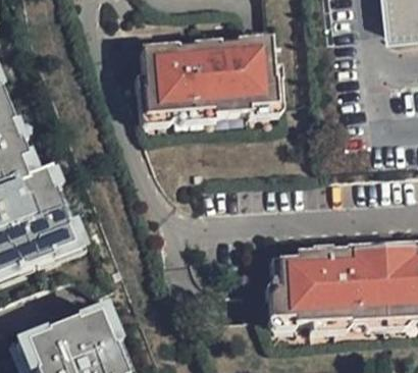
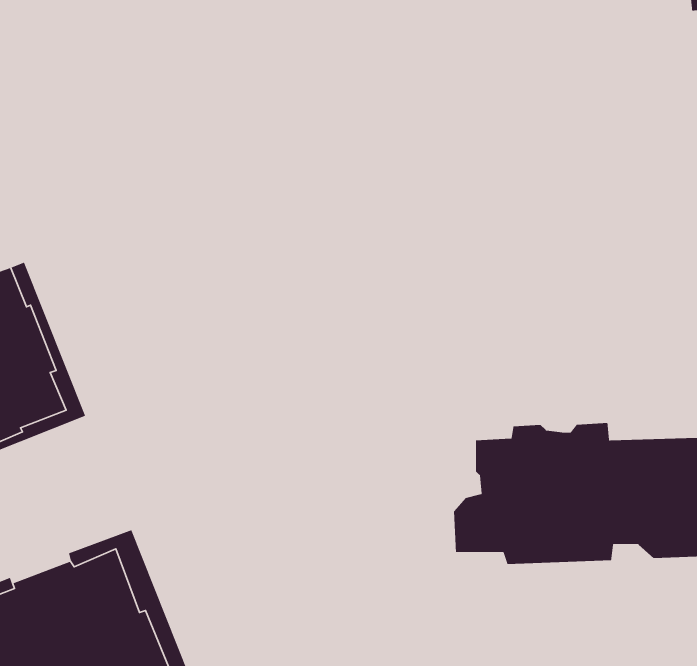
building: [141,39,274,115] -> none

